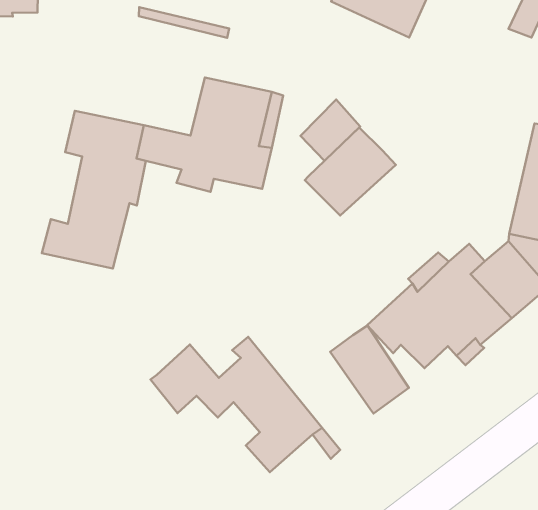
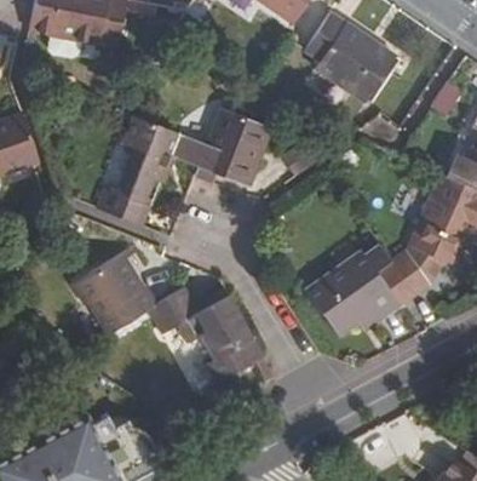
building: [305,127,396,215] -> none
building: none -> [77,251,157,330]
building: [330,326,409,413] -> none

